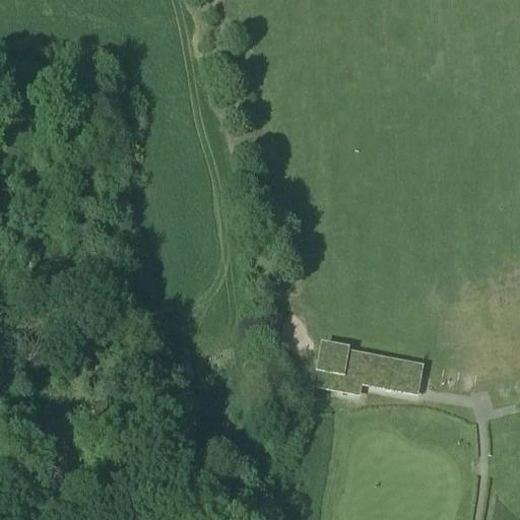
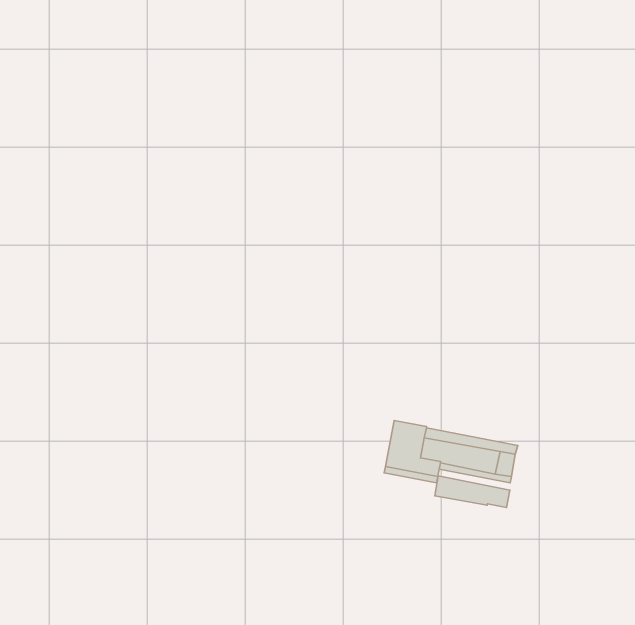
building: none -> [435,476,510,508]

